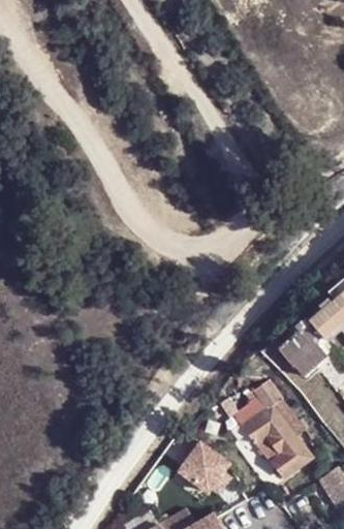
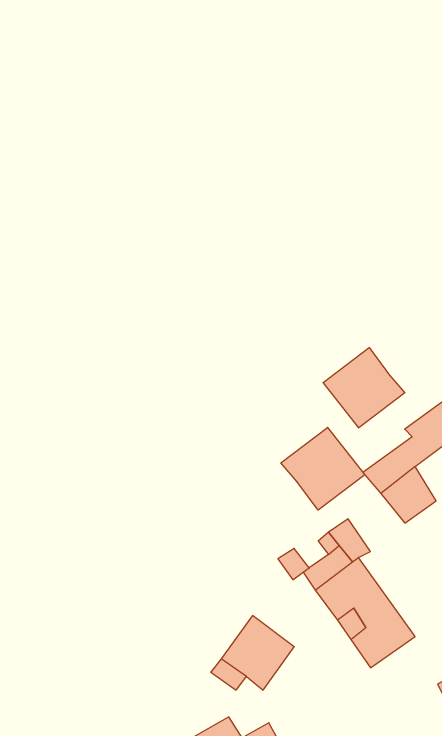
building: none -> [323,348,405,428]
building: none -> [281,427,365,510]

